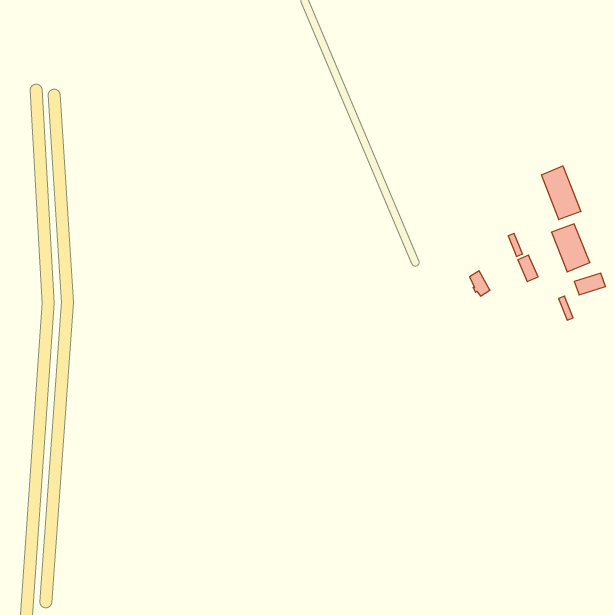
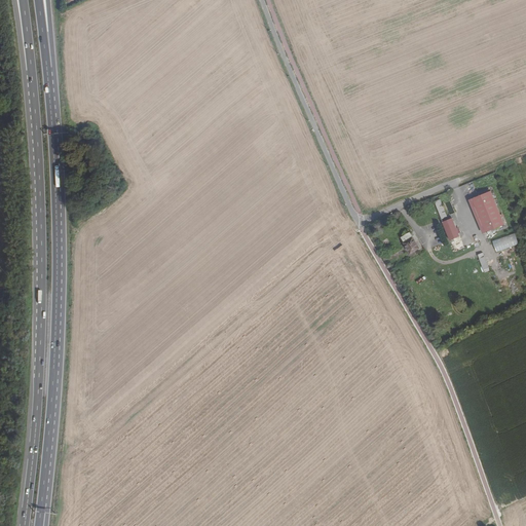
building: [542,166,581,220] -> none

